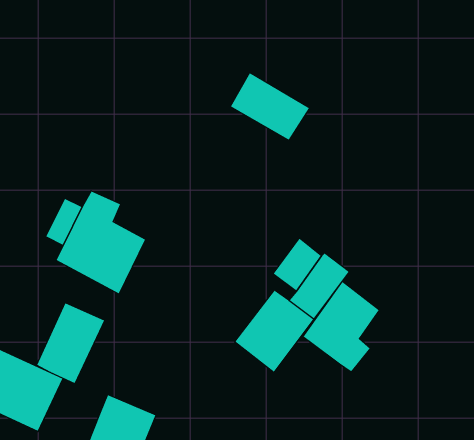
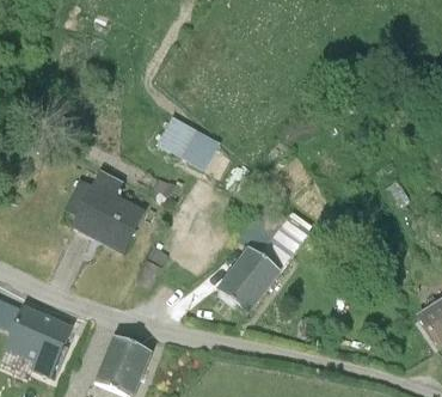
building: [230,73,310,141] -> [156,115,221,170]
building: [303,281,380,372] -> none
building: [37,302,105,384] -> none

